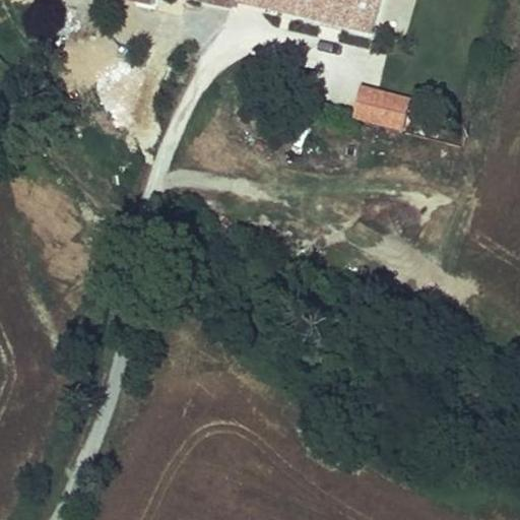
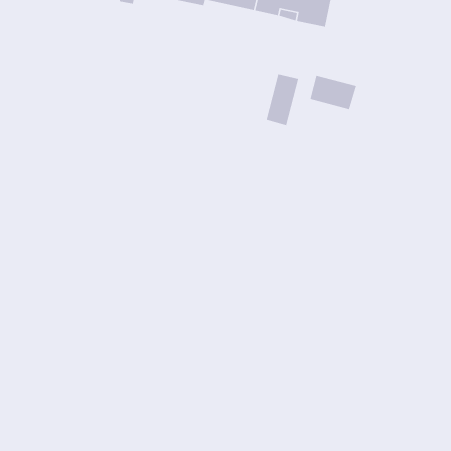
building: none -> [266,74,299,126]

